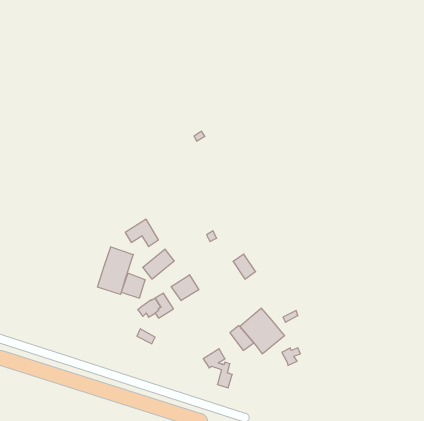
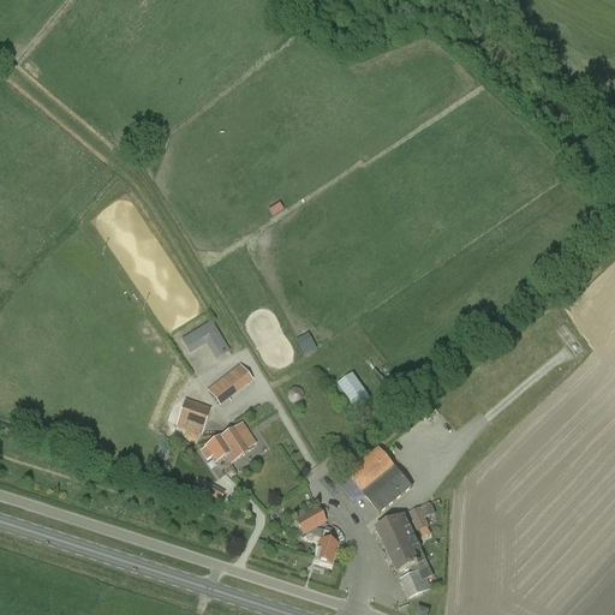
building: [97,247,133,294] -> none
building: [171,275,199,301] -> none
building: none -> [376,513,434,597]

